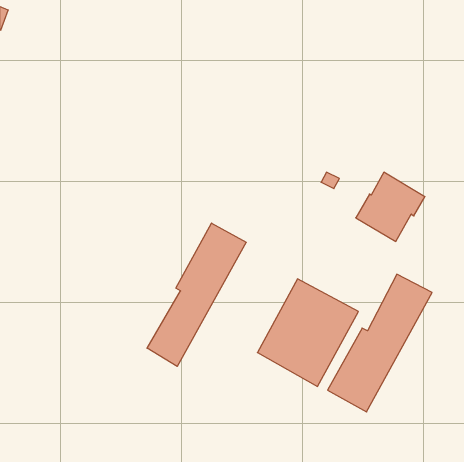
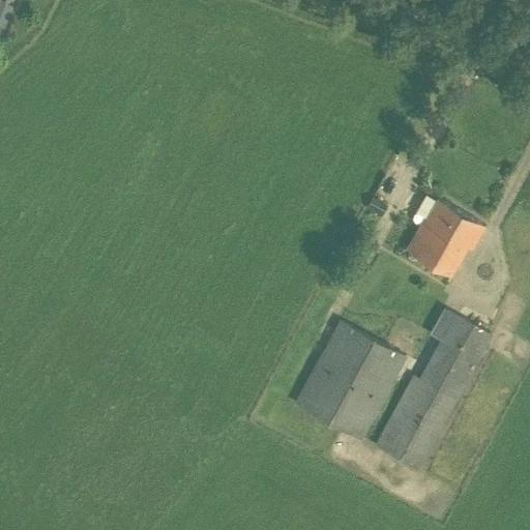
building: [147,223,246,366] -> none

